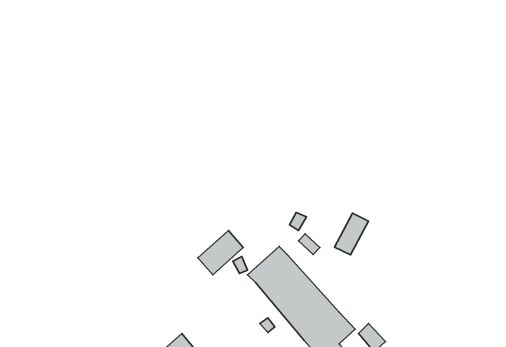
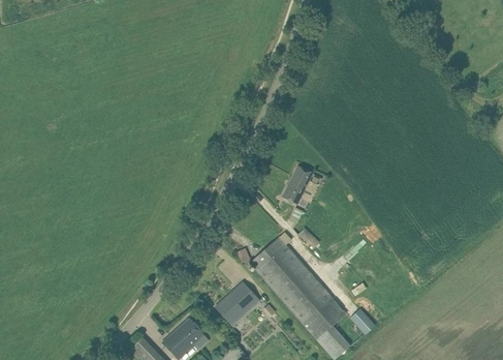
building: [335,213,368,255] -> [283,167,314,205]
building: [198,231,243,275] -> [216,282,257,323]

